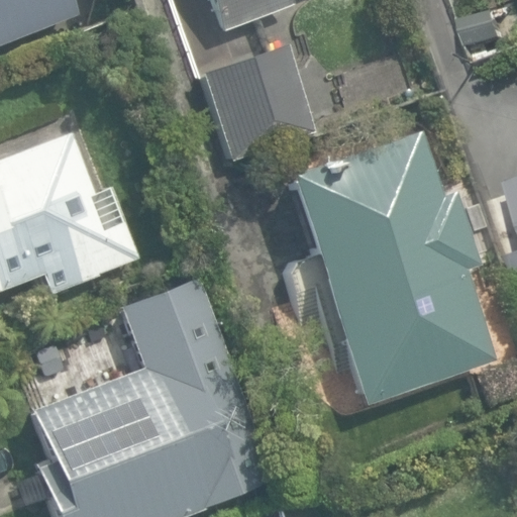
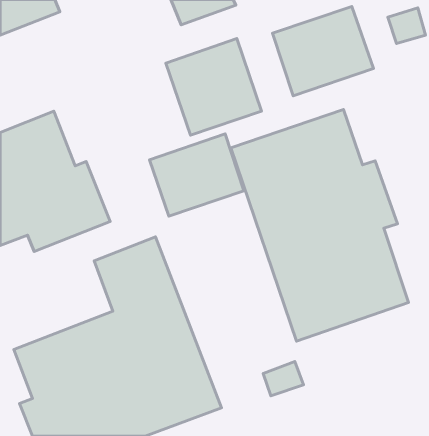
building: none -> [273,6,373,96]
building: none -> [149,134,244,216]

